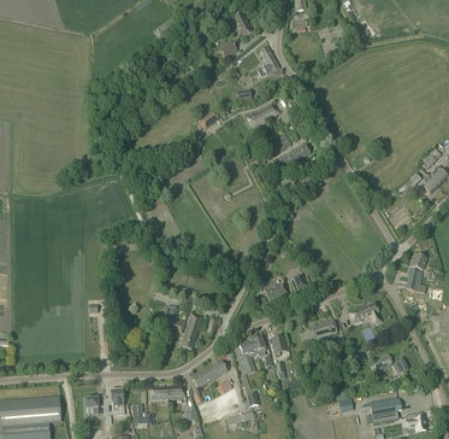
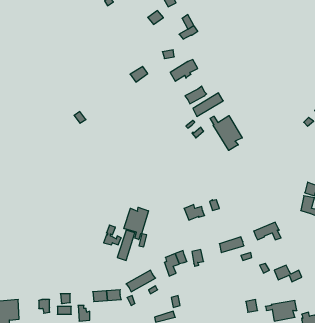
building: none -> [210,116,242,150]
building: none -> [124,207,148,240]

